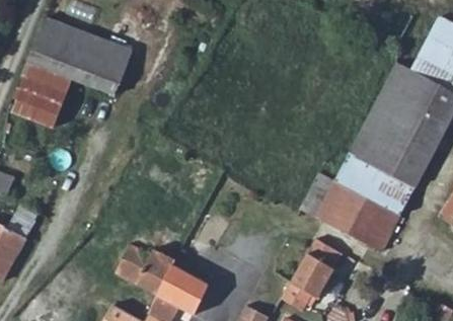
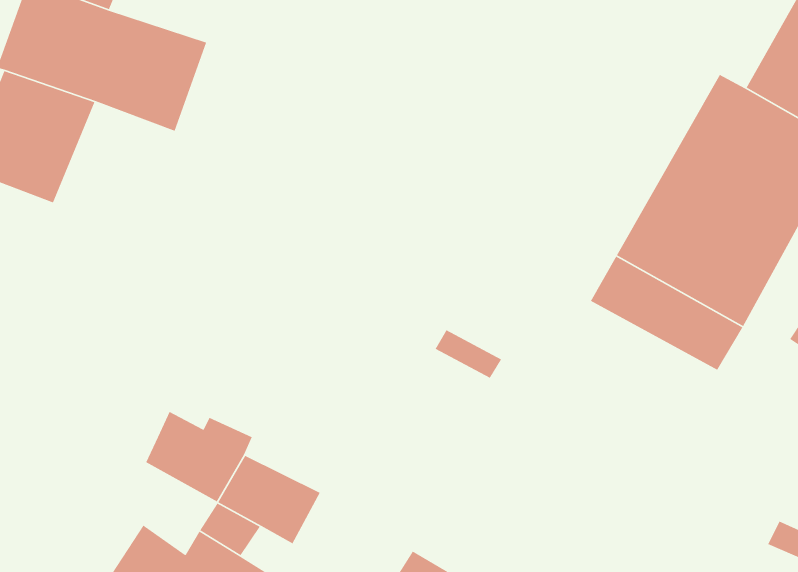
building: [308,179,396,256] -> none
building: [276,237,337,312] -> none

